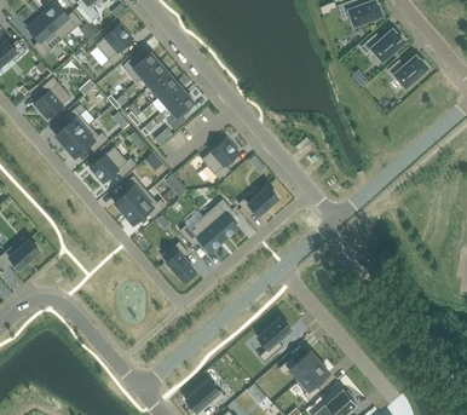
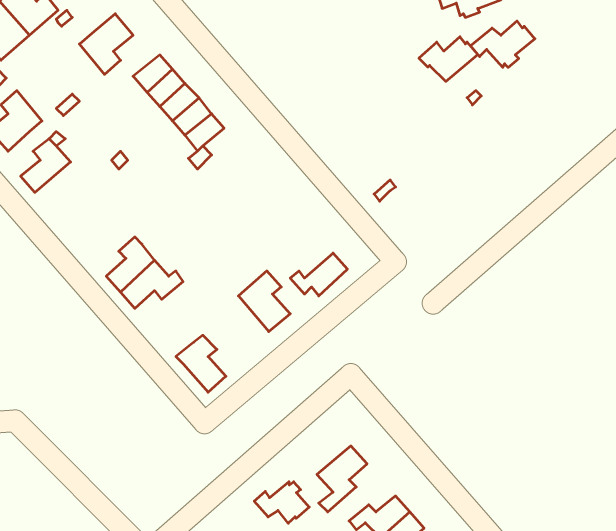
building: [387,57,427,87] -> [419,37,478,81]
building: [65,126,108,157] -> none
building: [202,139,238,180] -> none
building: [91,148,136,183] -> none
building: [179,217,224,253] -> none
building: none -> [254,482,309,523]

